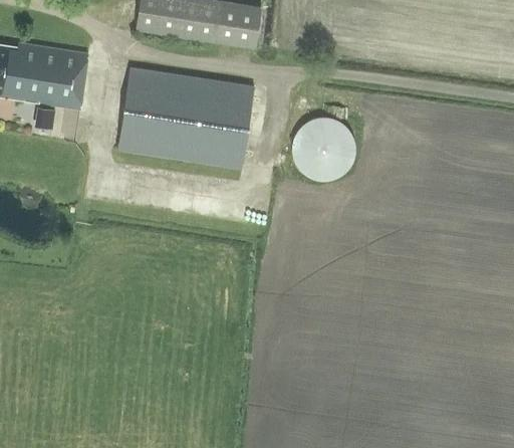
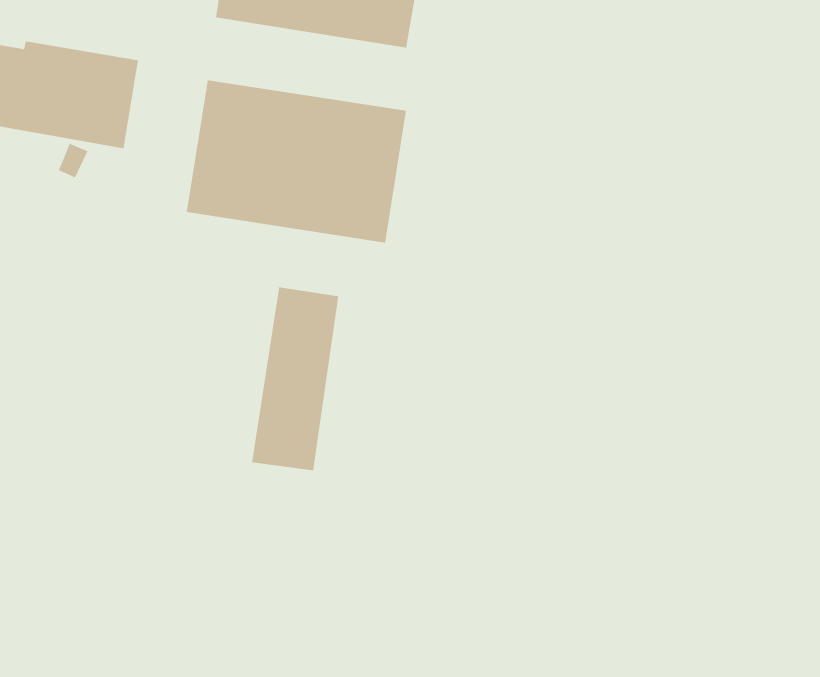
building: [292,117,355,181] -> none
building: none -> [251,286,339,471]

